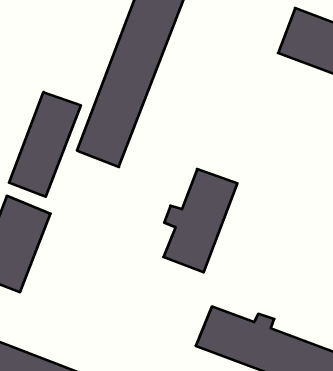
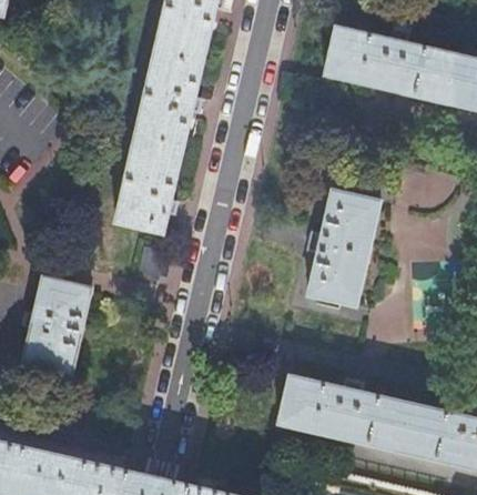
building: [9,92,81,197] -> none
building: [163,169,237,272] -> [304,191,380,306]

